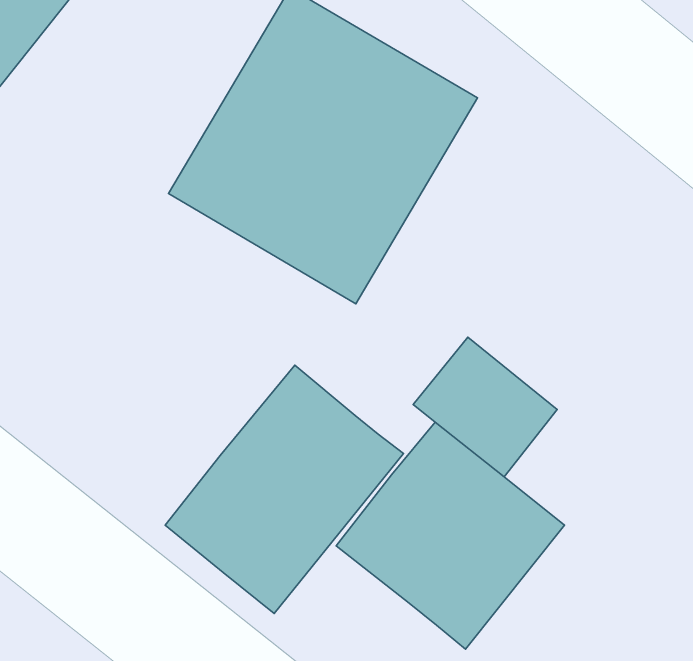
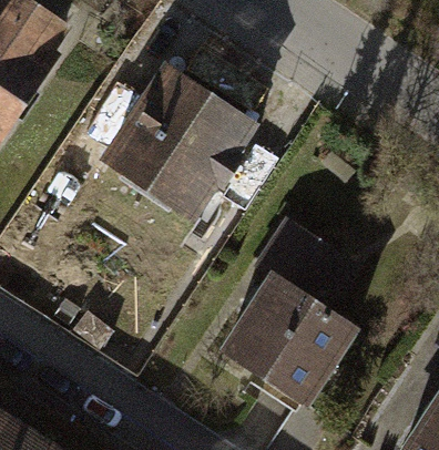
building: [165,365,404,613] -> none

